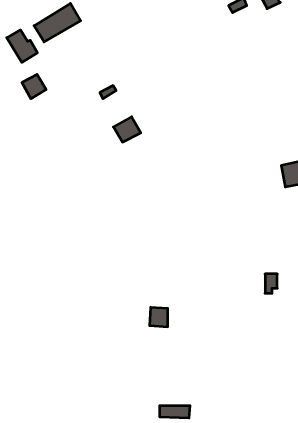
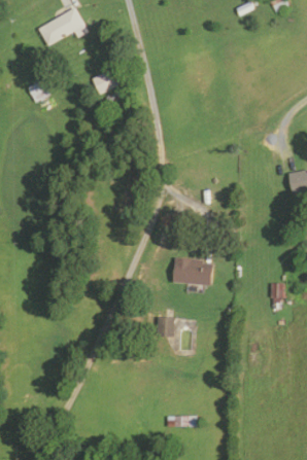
building: [7,30,37,62] -> none
building: [113,117,141,142] -> [93,69,121,95]
building: none -> [172,256,212,285]

